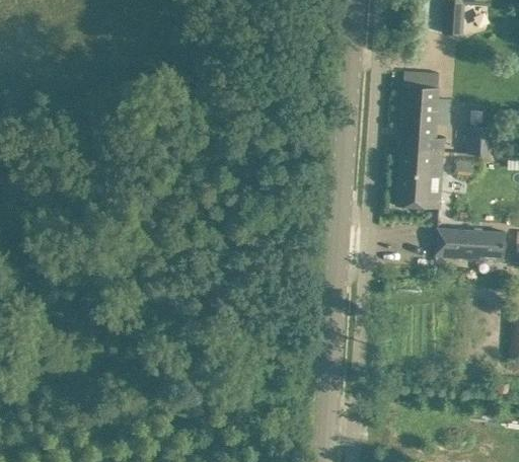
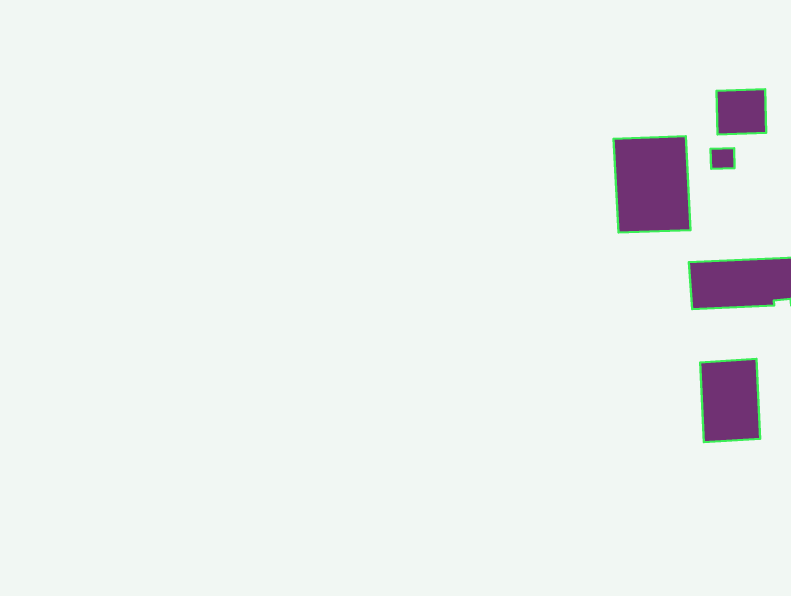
building: [402,71,447,152] -> none
building: none -> [700,359,760,442]

